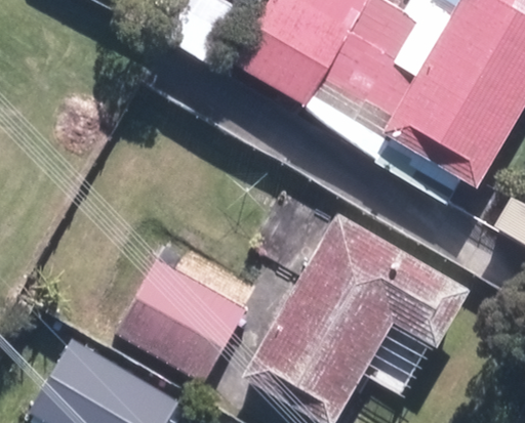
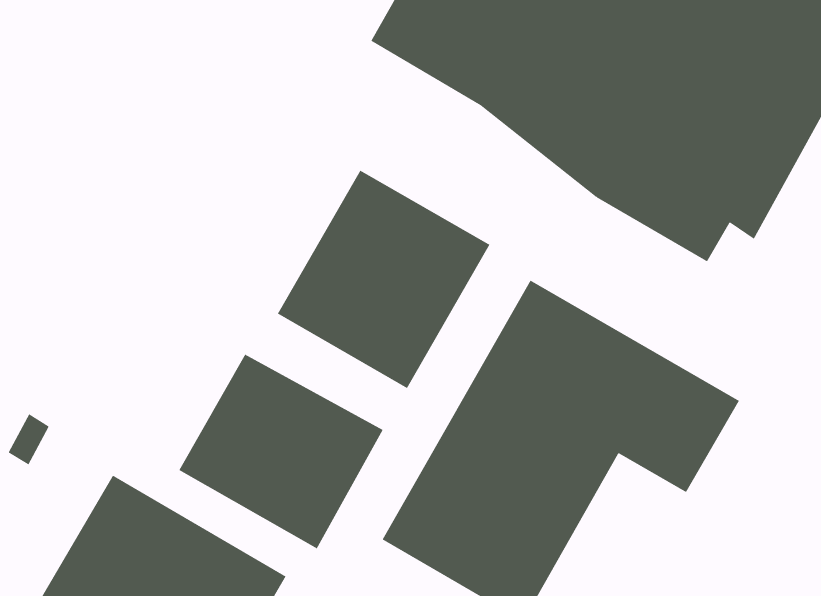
building: none -> [277,170,490,389]

